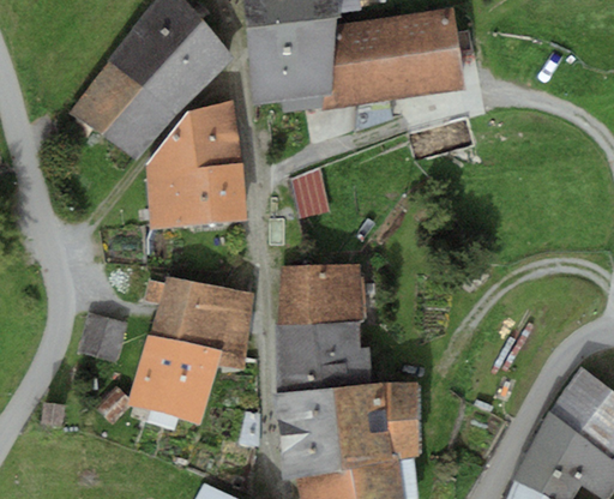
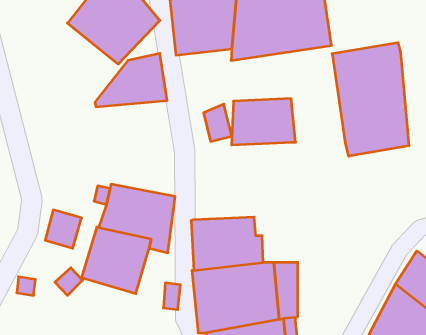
building: [67,60,176,160] -> none
building: none -> [332,43,409,156]
building: [146,164,247,228] -> none
building: [278,263,365,325] -> [232,99,296,145]

